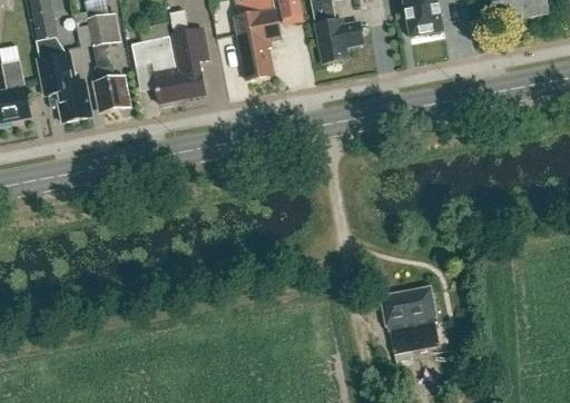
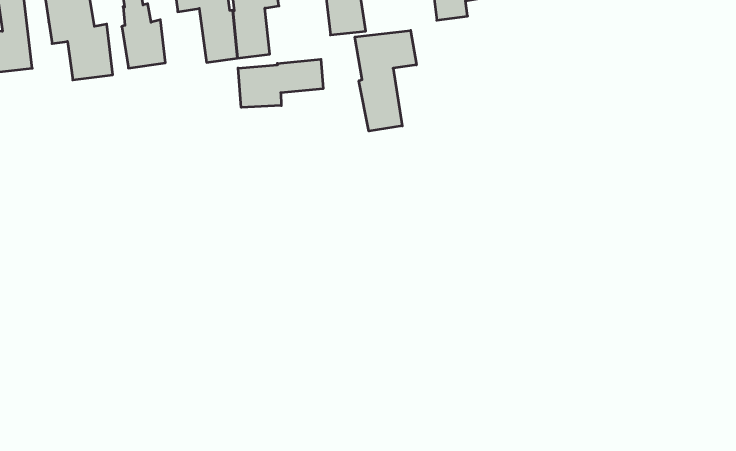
building: none -> [355,30,416,131]
building: none -> [238,59,323,107]
building: [381,286,439,353] -> none

